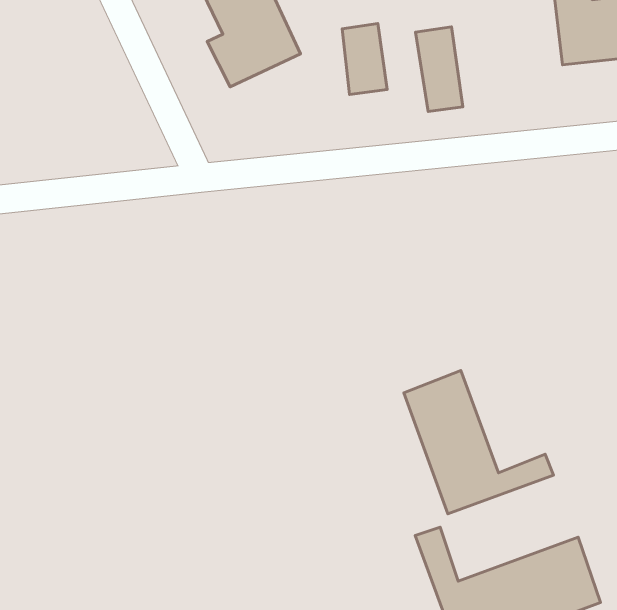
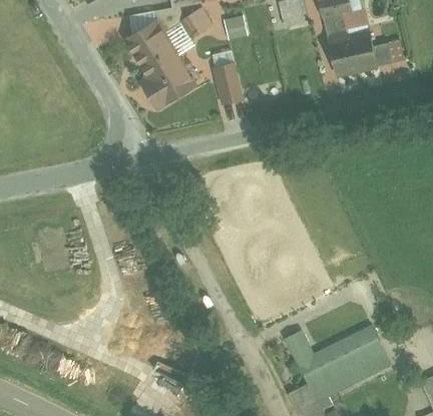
building: [415,27,463,111] -> none
building: [404,370,554,514] -> none

